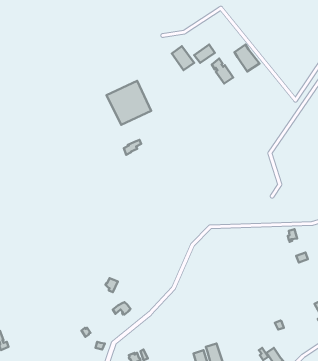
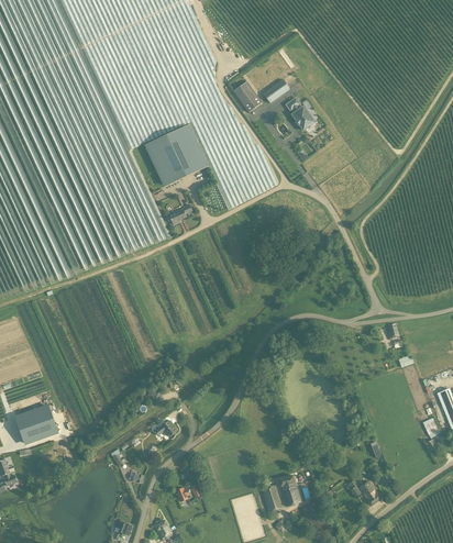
building: [234,45,260,71] -> none
building: none -> [15,405,58,442]

